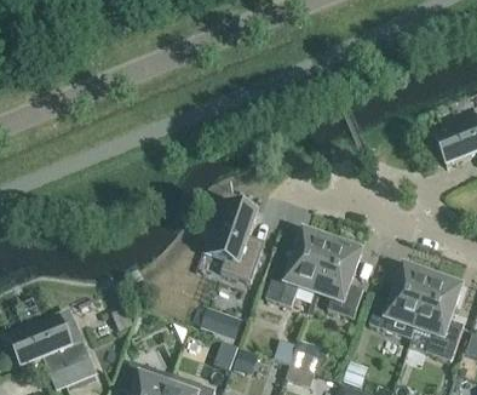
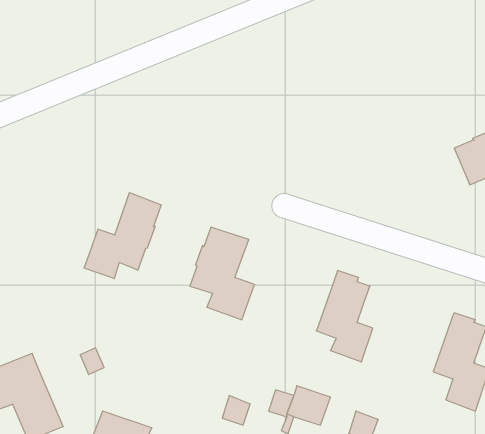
building: none -> [84,193,161,279]
building: [265,234,332,307] -> none
building: [369,269,432,333] -> none
building: [200,308,242,339] -> none

